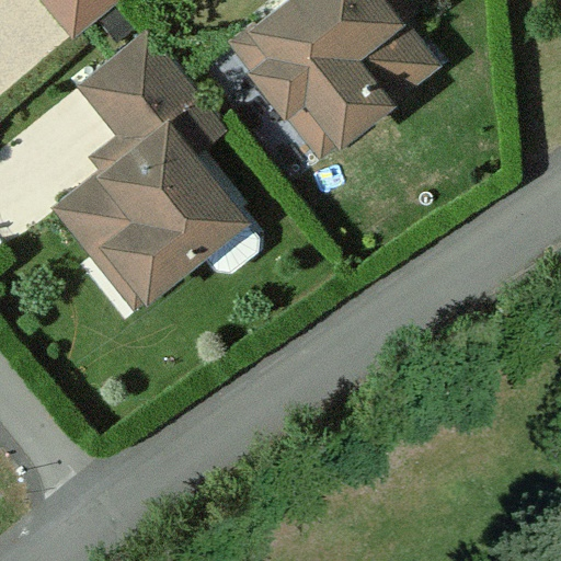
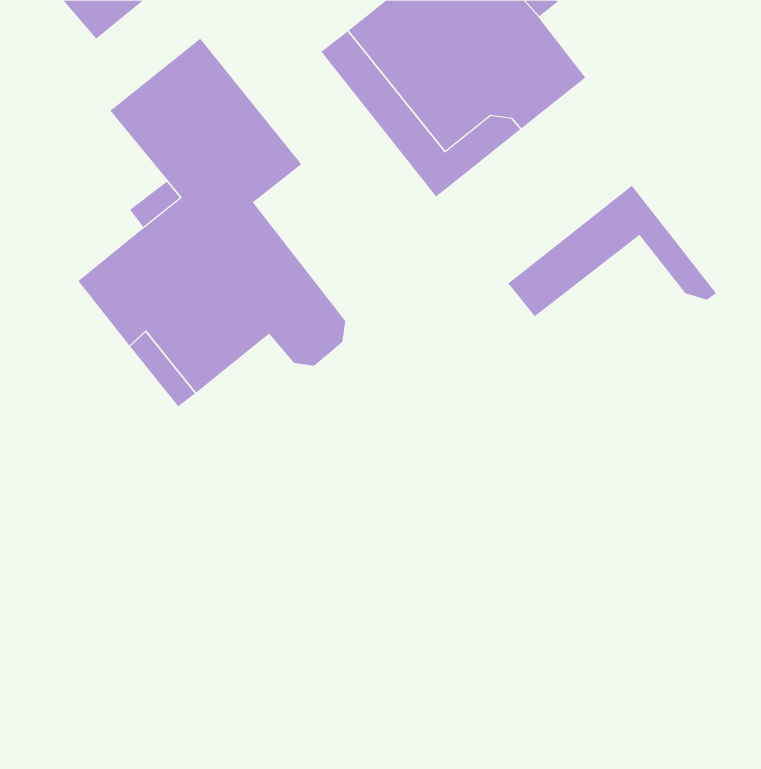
building: none -> [507,185,717,317]

